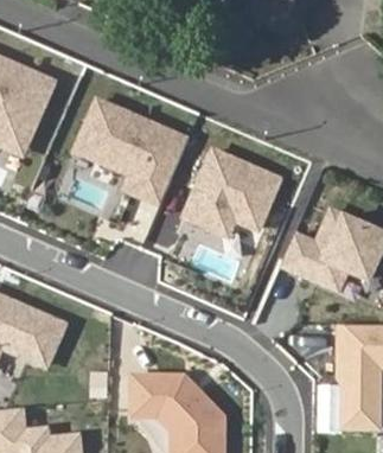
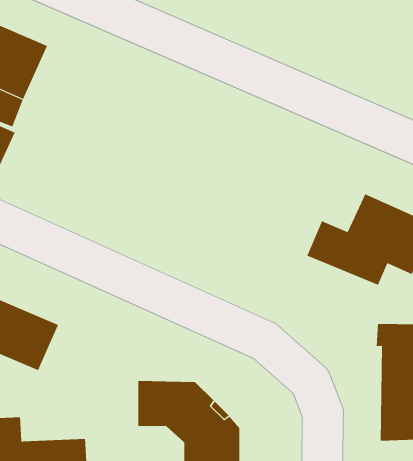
building: [74,100,189,205] -> none
building: [185,152,279,235] -> none

